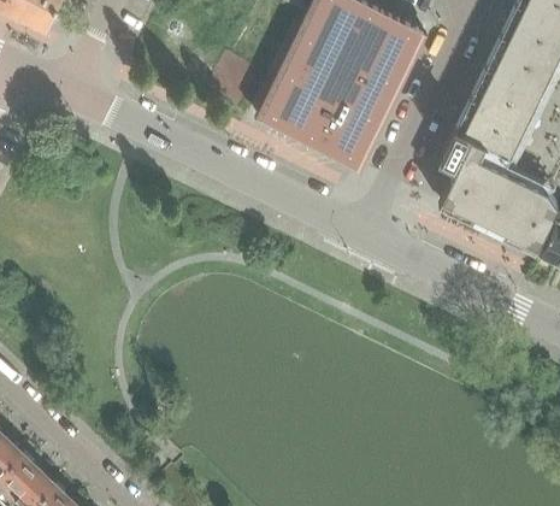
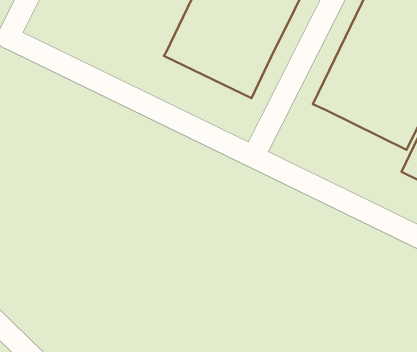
building: [436,181,544,253] -> none

